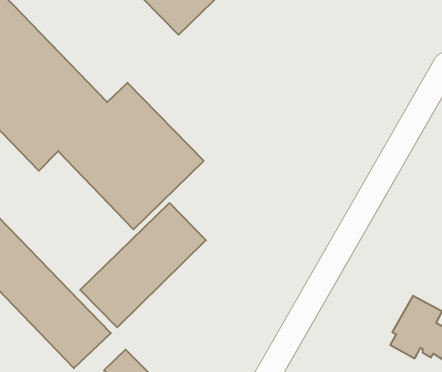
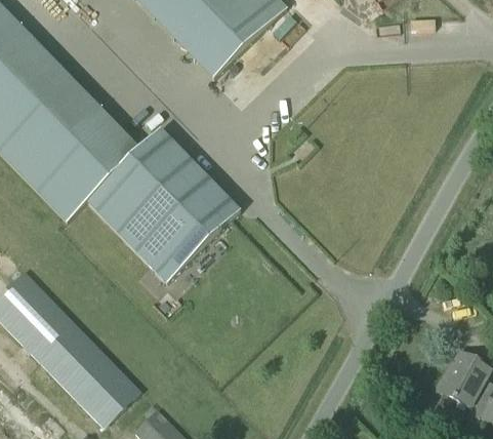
building: [80,203,206,327] -> none

